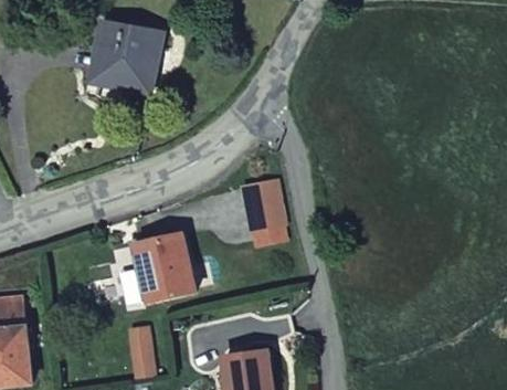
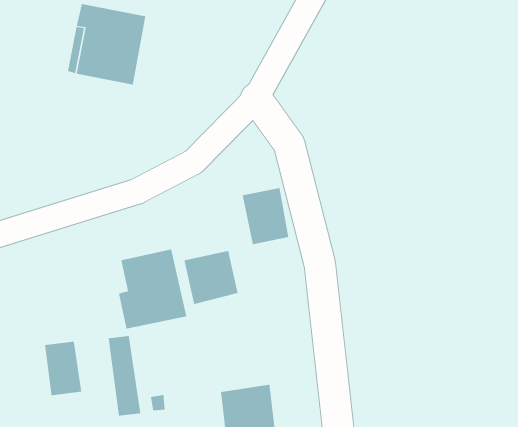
building: none -> [184,250,238,305]
building: none -> [44,341,82,396]

